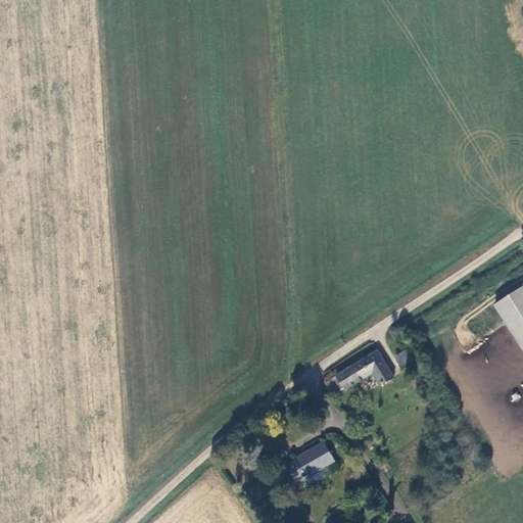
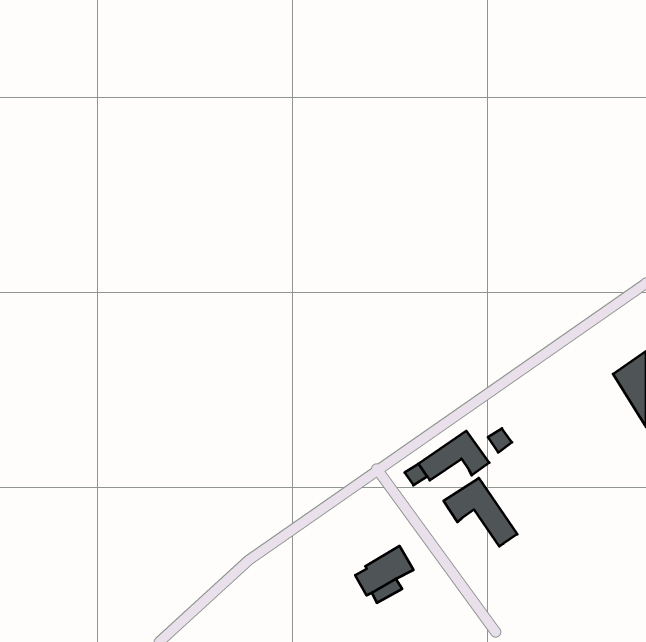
building: none -> [444,478,517,546]

